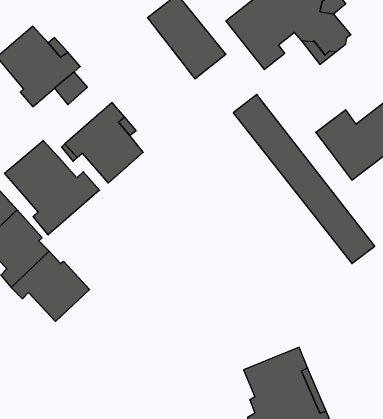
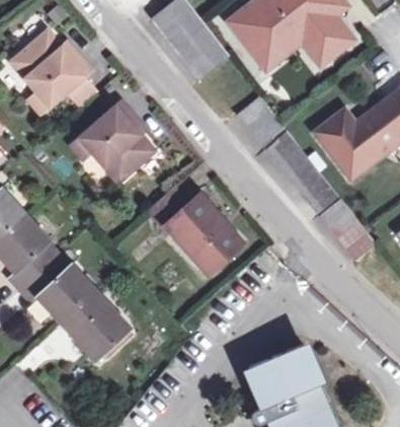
building: [5,140,100,235] -> none
building: none -> [145,189,240,276]
building: none -> [63,288,130,356]

